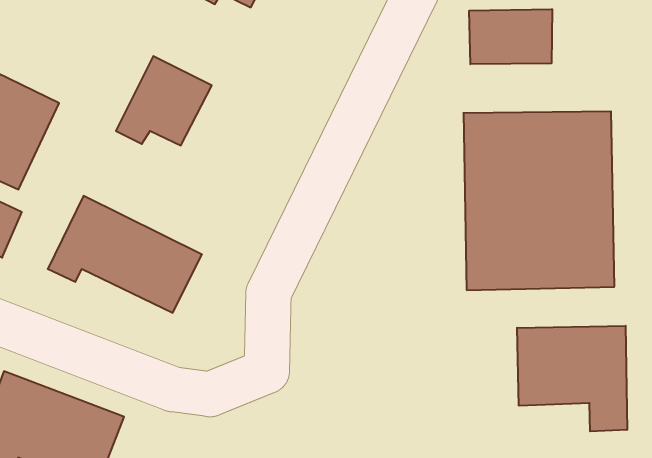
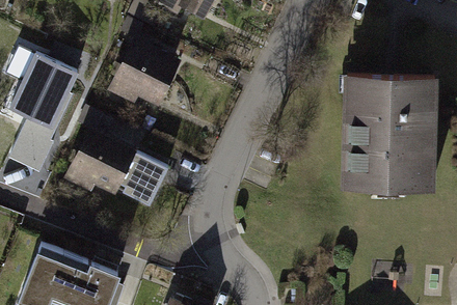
building: [469,9,552,64] -> none
building: [517,326,627,431] -> none

